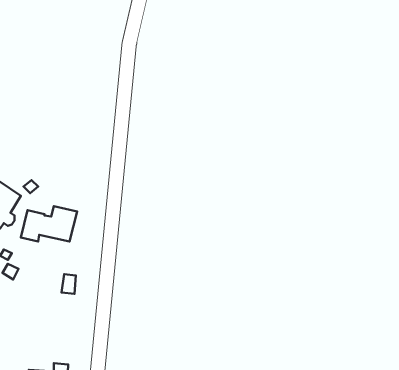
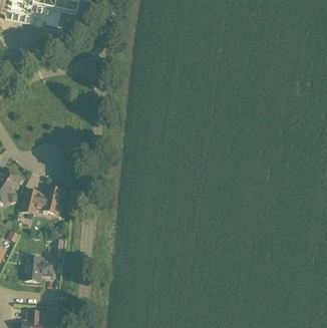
building: none -> [24,257,54,282]

